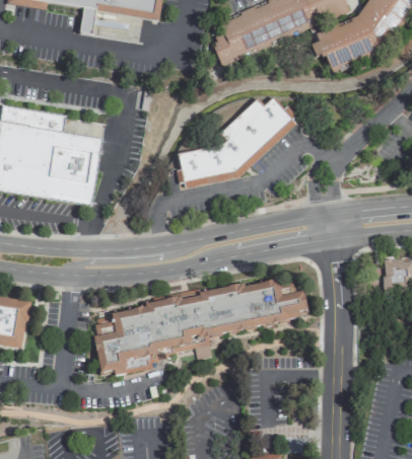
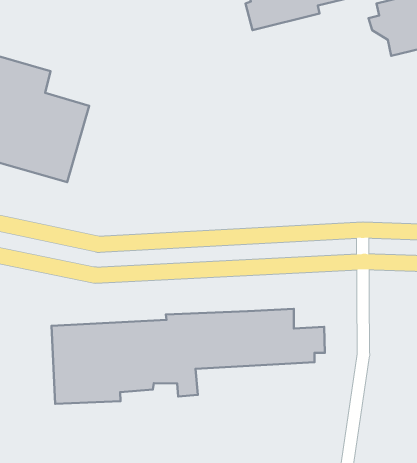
building: [177,96,298,187] -> none

